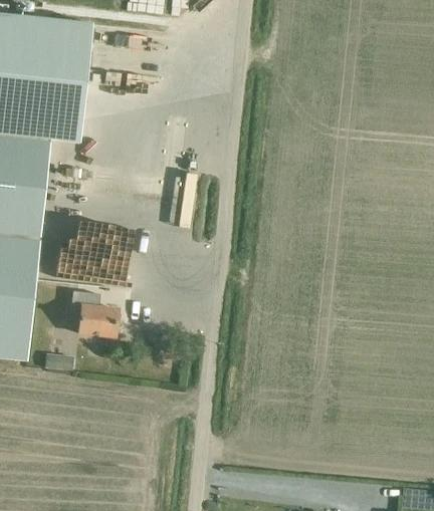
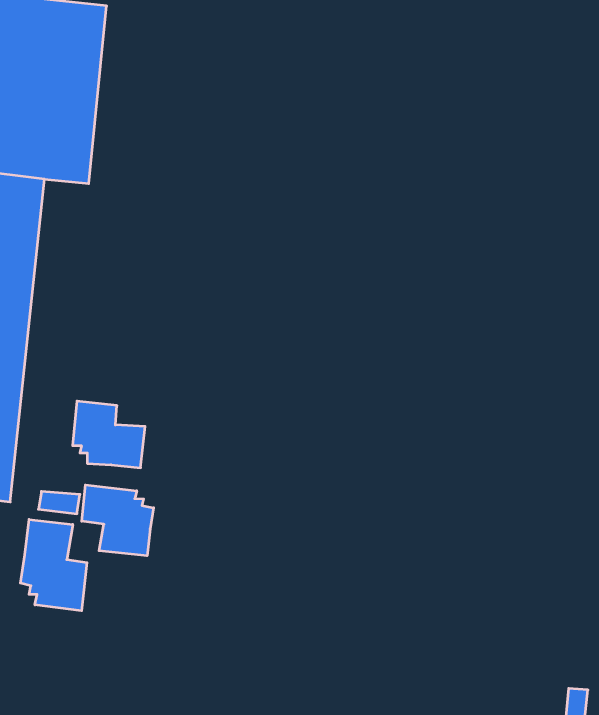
building: none -> [82,485,154,556]
building: none -> [20,519,87,611]

